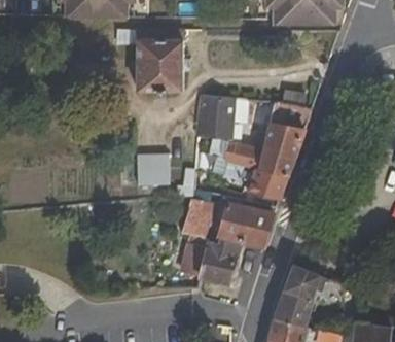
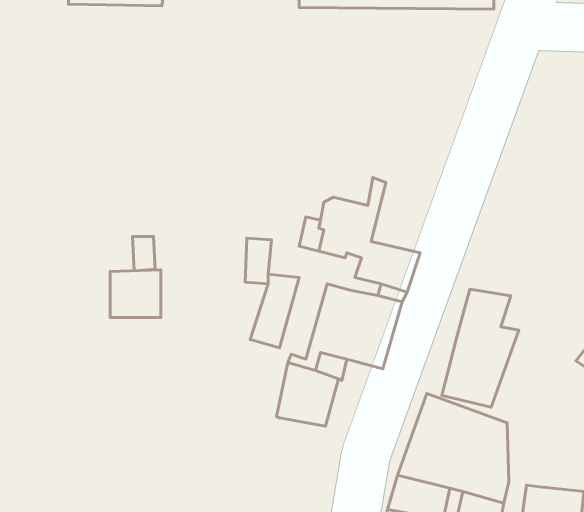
building: [136,38,182,93] -> none
building: [198,95,237,139] -> none
building: [257,102,306,176] -> [442,289,519,407]
building: [138,153,170,183] -> [110,270,161,317]

